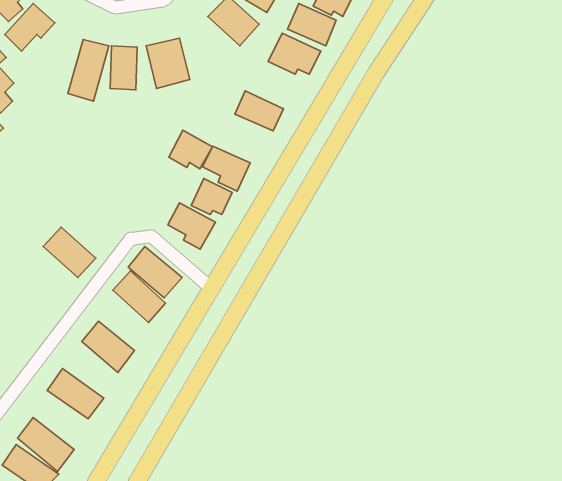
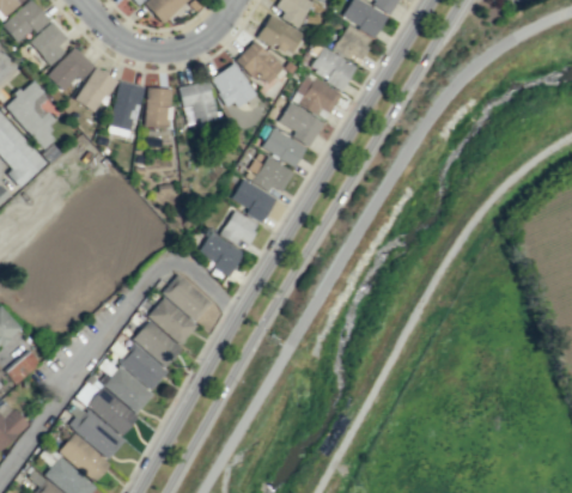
building: none -> [211,61,256,109]
building: none -> [75,66,117,112]
building: none -> [280,102,324,146]
building: [169,130,213,169] -> [254,156,294,191]
building: [43,227,96,277] -> [134,319,183,366]
building: none -> [105,365,154,413]
building: none -> [69,404,124,458]

